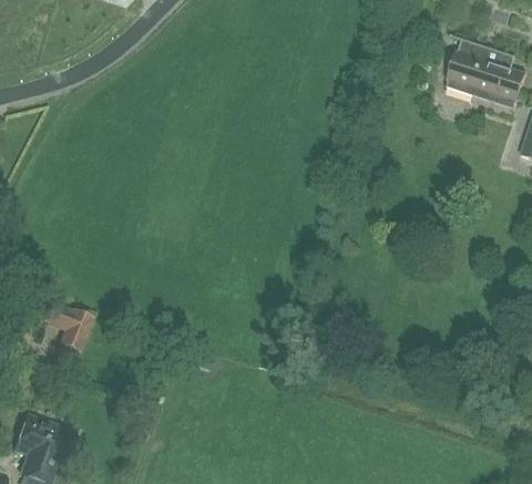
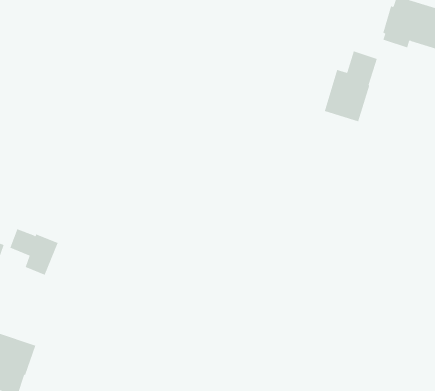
building: none -> [324,51,378,122]

